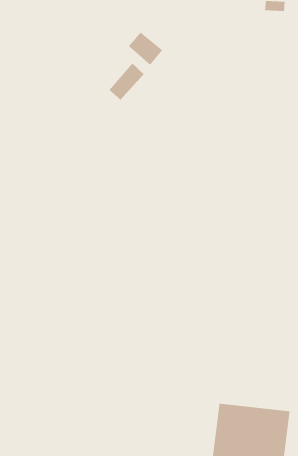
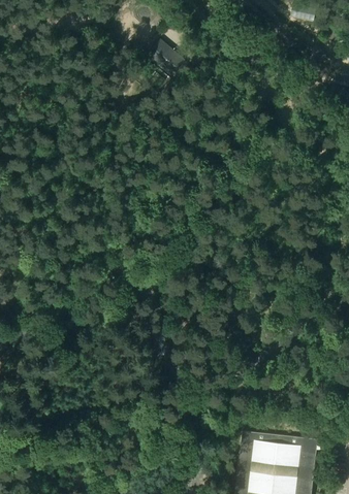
building: [108,62,144,101] -> none

